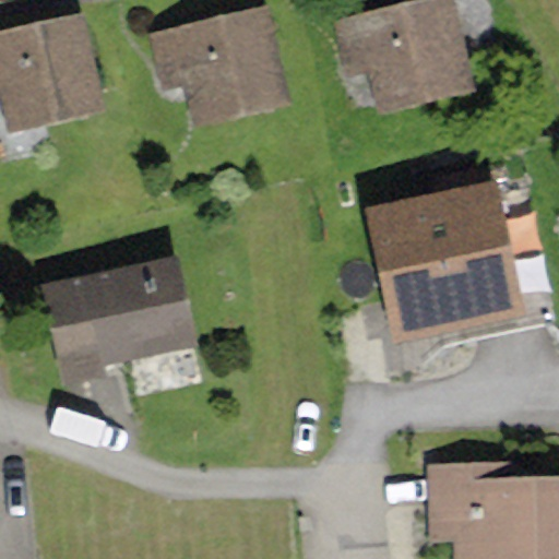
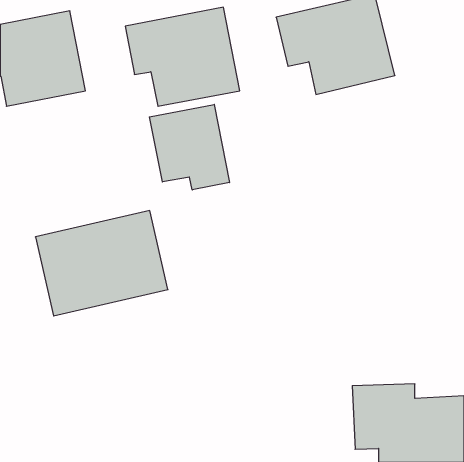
building: none -> [149,104,229,190]
building: [365,180,524,342] -> none

